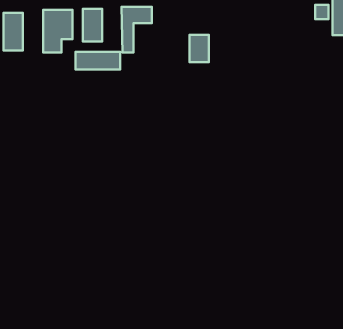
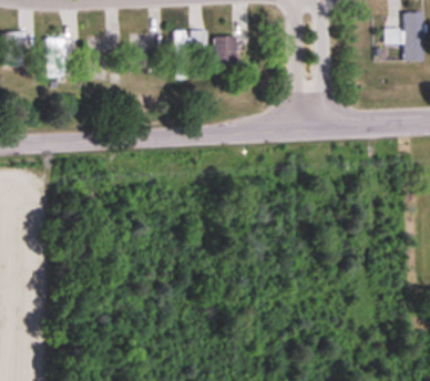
building: [190,35,209,62] -> [215,34,236,64]
building: [76,52,120,70] -> none

